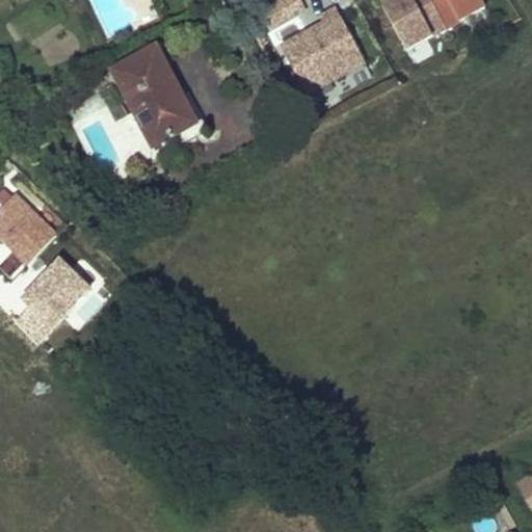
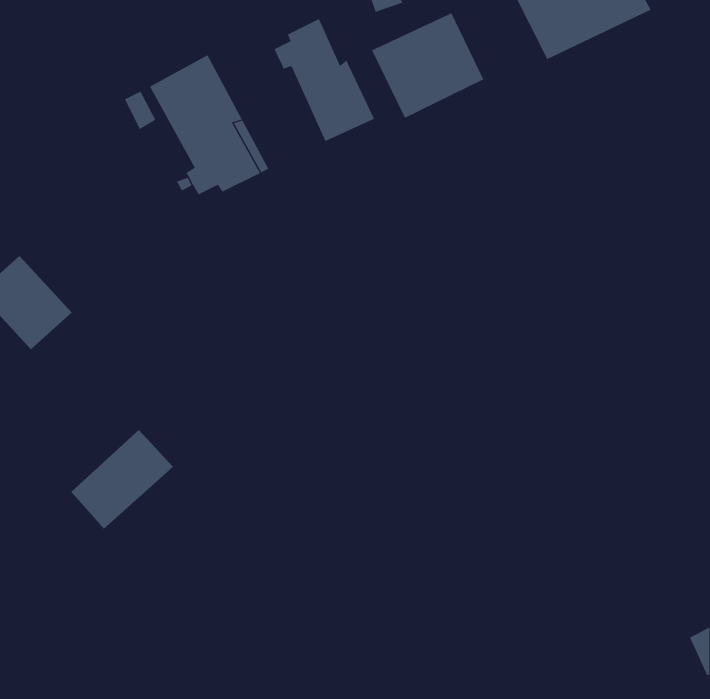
building: none -> [274,18,375,142]
building: [9,265,86,340] -> [71,429,174,530]

